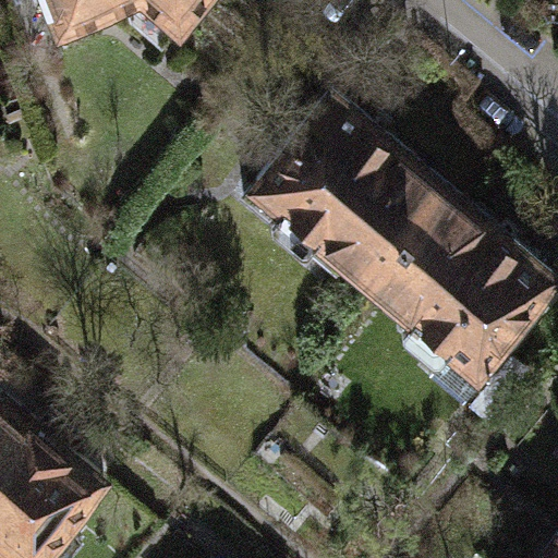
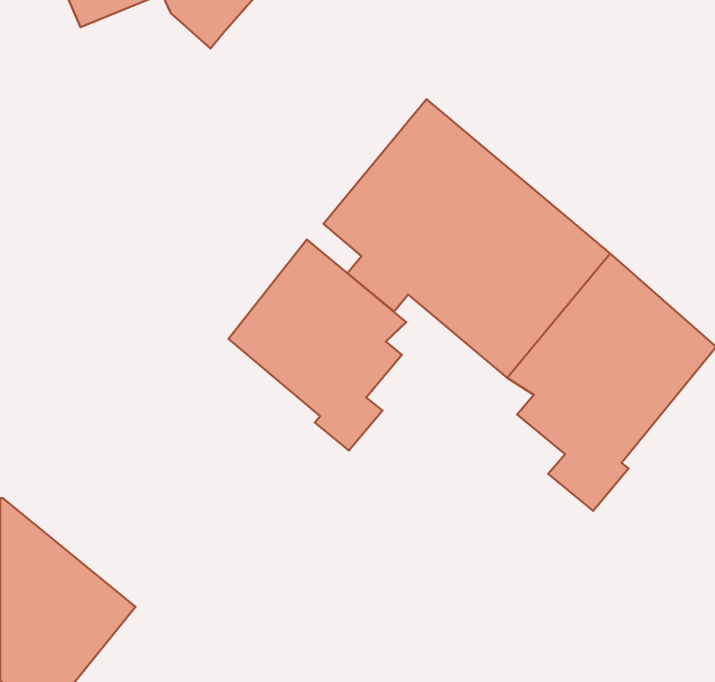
building: none -> [229,239,406,450]

